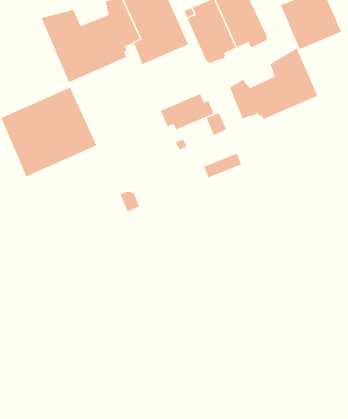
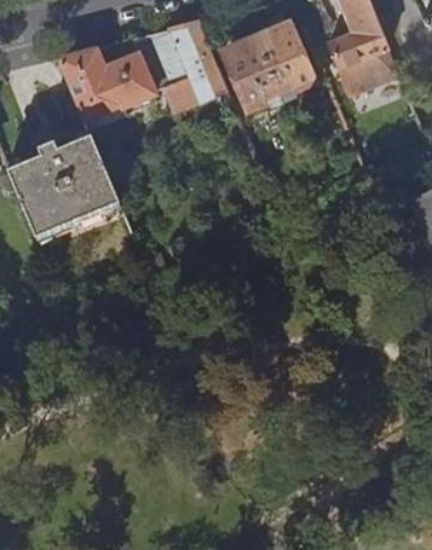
building: [229,48,318,120] -> none
building: [160,93,214,130] -> none

